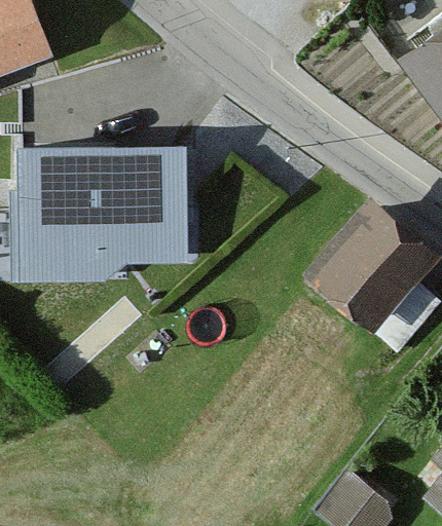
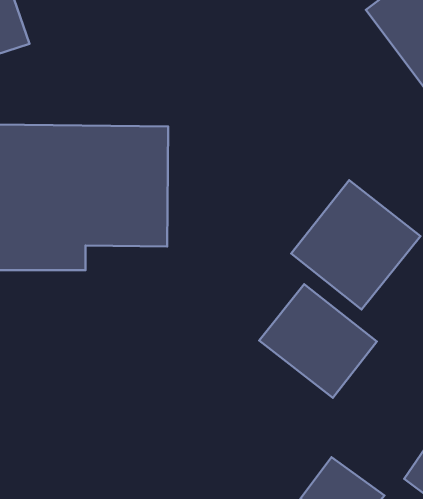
building: none -> [259,284,377,398]

